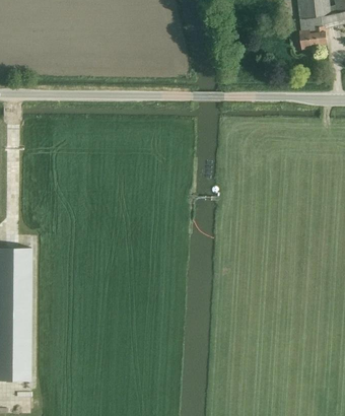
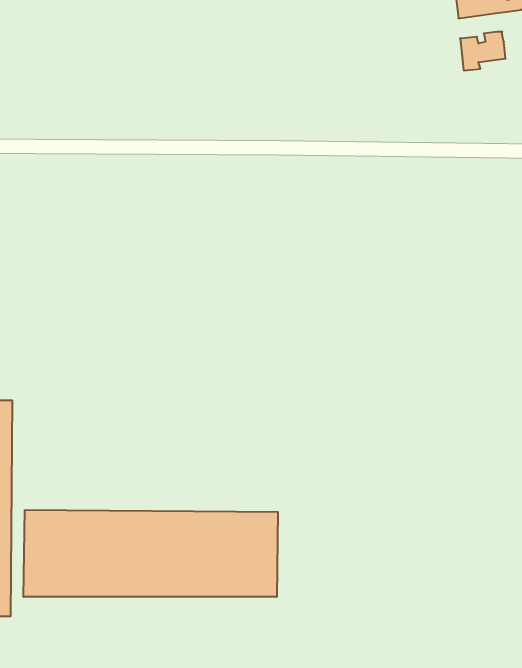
building: none -> [24,510,278,597]

